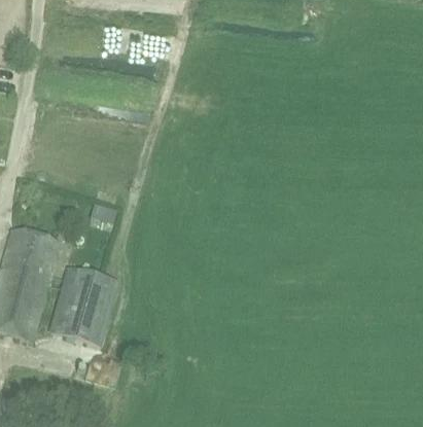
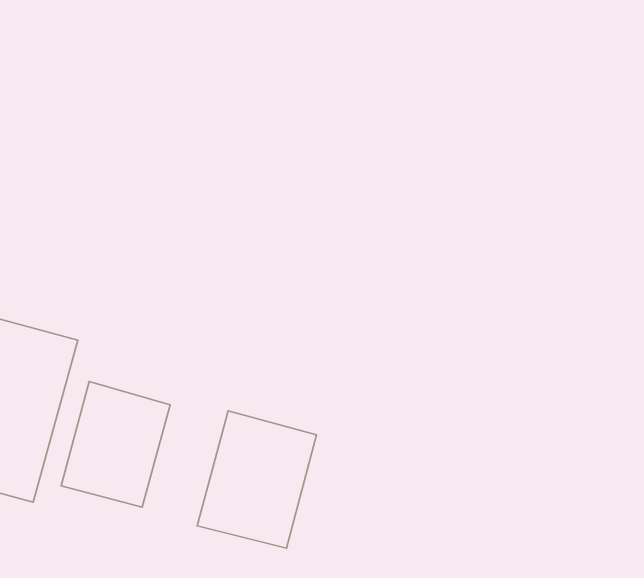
building: none -> [197,411,317,548]

